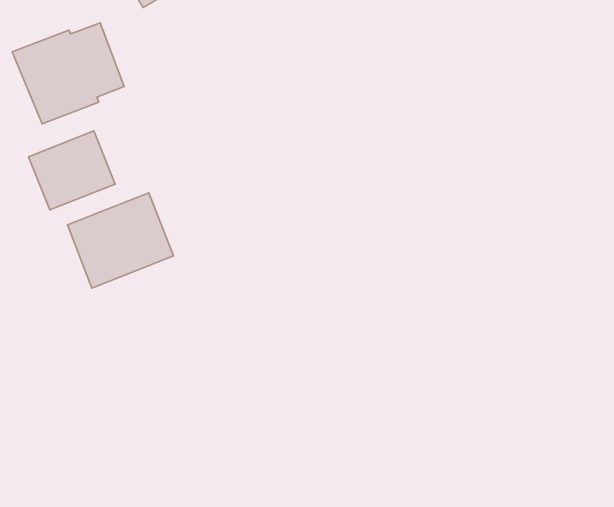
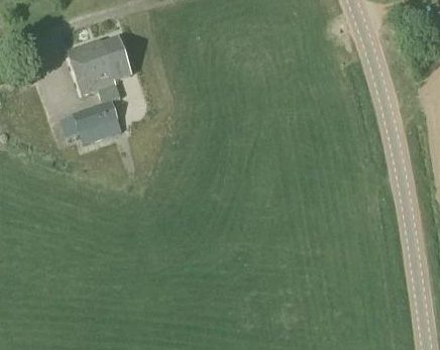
building: [67,193,173,288] -> none

